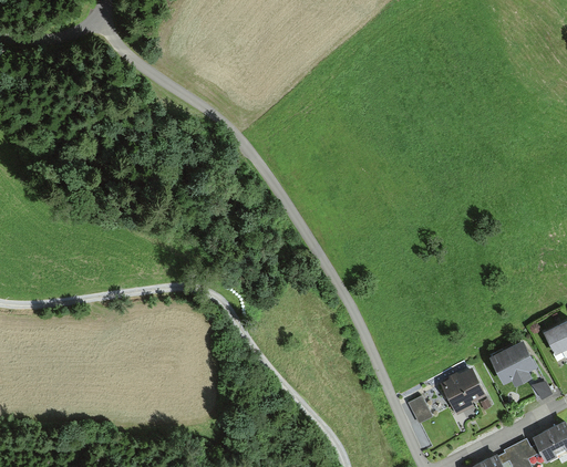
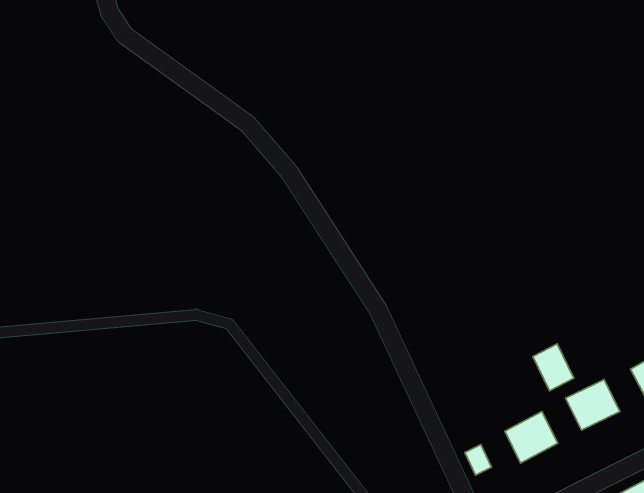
building: none -> [533,344,574,391]

